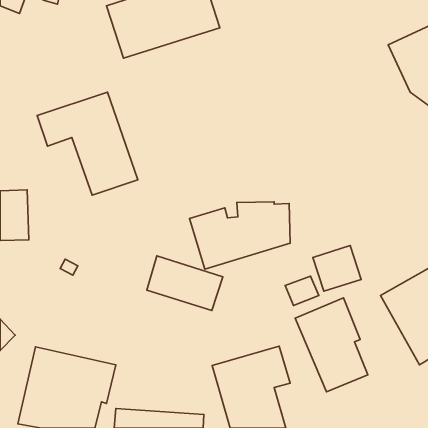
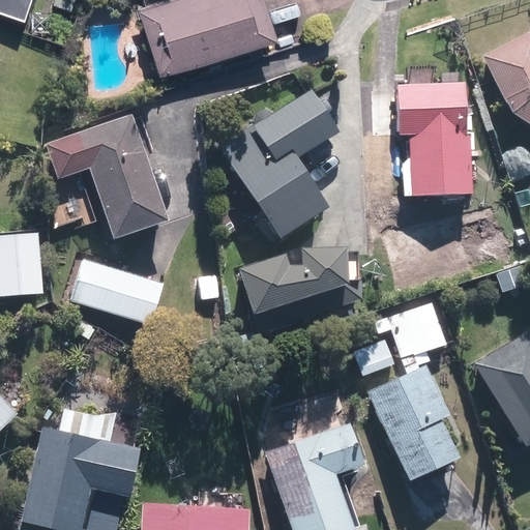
building: none -> [373,83,471,196]
building: none -> [217,92,334,239]
building: [147,256,223,311] -> [76,257,169,324]

